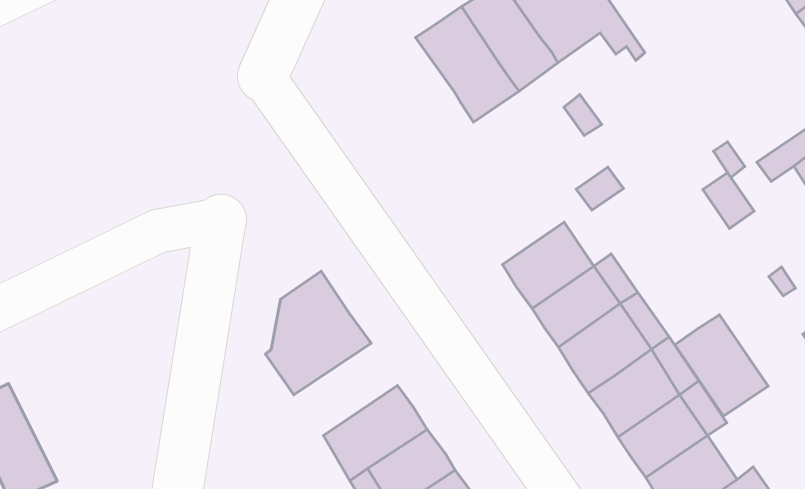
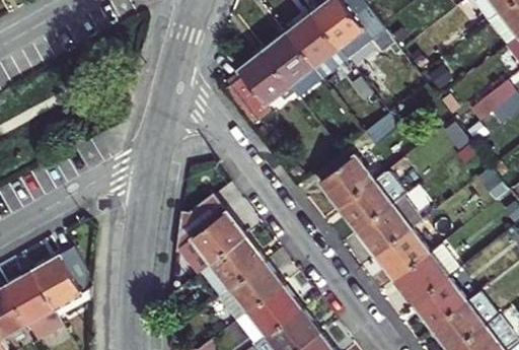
building: none -> [226,46,288,125]
building: [675,315,768,416] -> none
building: none -> [196,230,260,289]
building: none -> [26,247,88,317]

